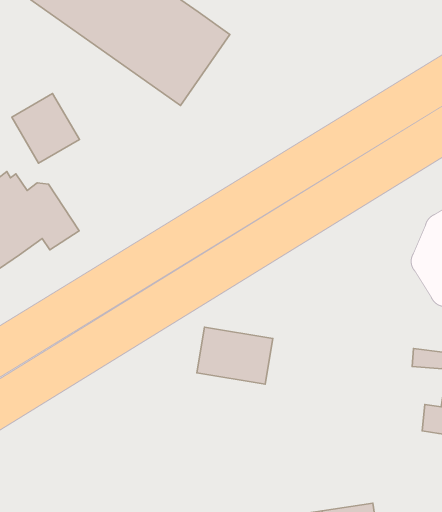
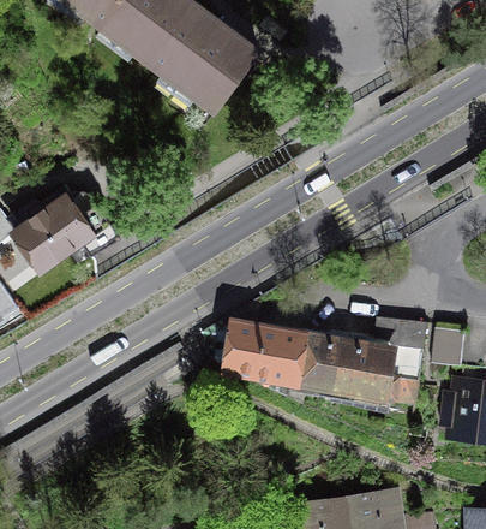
building: [12,94,79,163] -> none
building: none -> [294,317,430,412]

